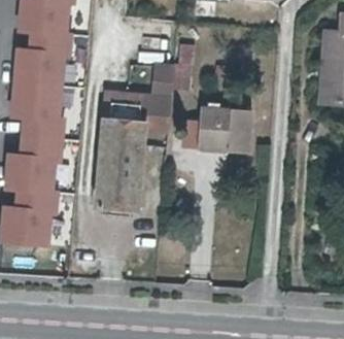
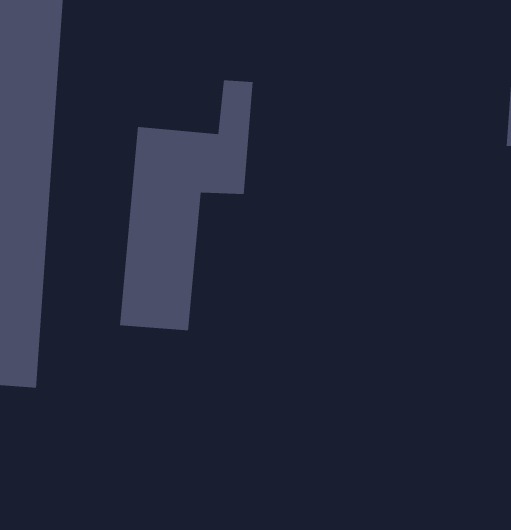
building: [197,106,250,154] -> none

